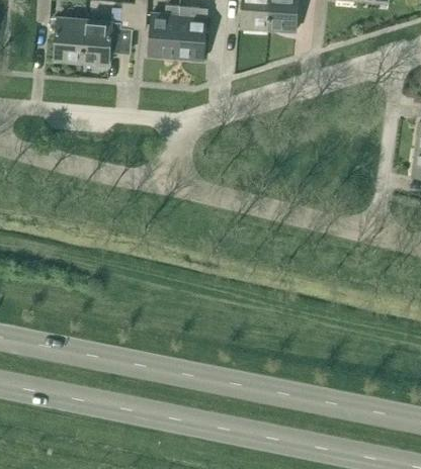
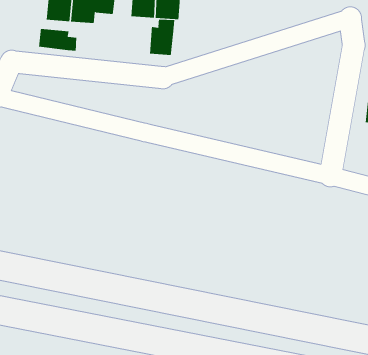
building: none -> [149,19,175,56]
building: none -> [39,28,77,51]

